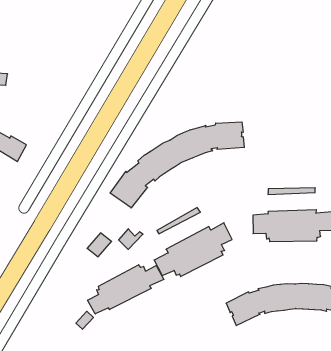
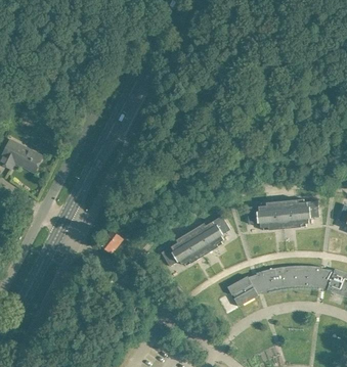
building: [110,122,244,208] -> none
building: [88,265,164,314] -> none

